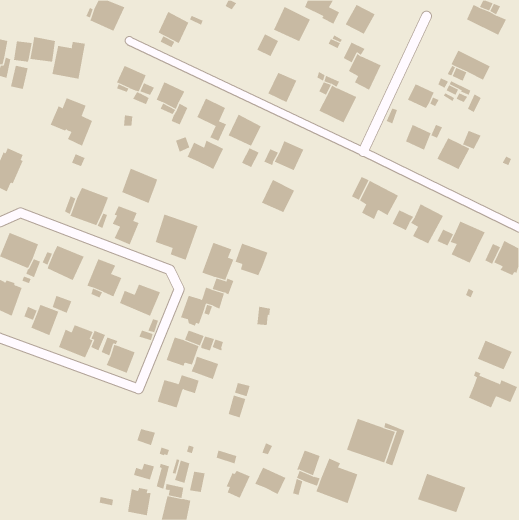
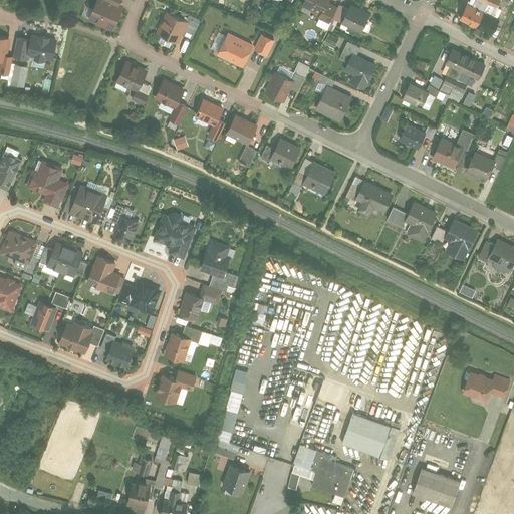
building: [273,6,311,42] -> [216,31,253,66]
building: [52,41,85,79] -> none
building: [50,97,93,146] -> [25,160,67,208]
building: [187,140,224,170] -> none
building: none -> [465,154,494,181]
building: [121,168,158,204] -> none
building: [261,179,295,213] -> [303,161,336,194]
building: [235,243,268,276] -> none
building: [477,340,513,370] -> none
building: [191,356,219,380] -> none
building: [255,467,286,495] -> none

